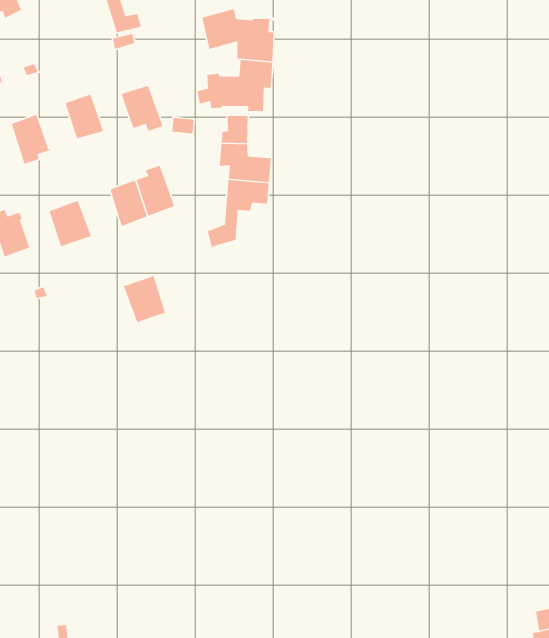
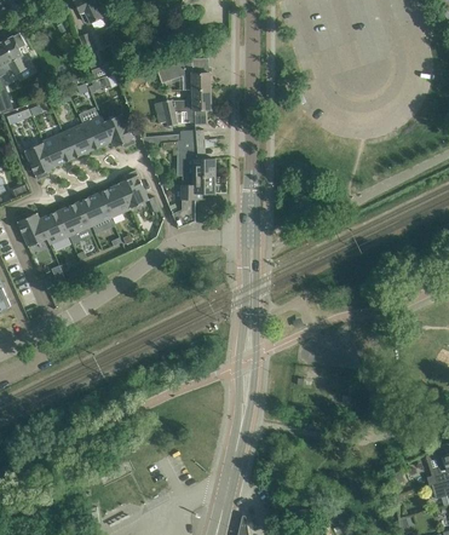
building: none -> [80,115,110,150]
building: none -> [41,132,73,166]
building: none -> [38,211,68,245]
building: [123,275,166,323] -> [77,191,110,226]

